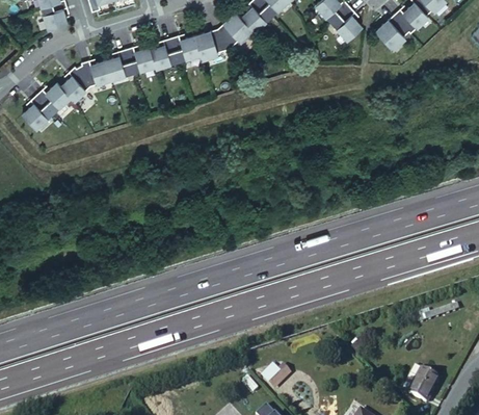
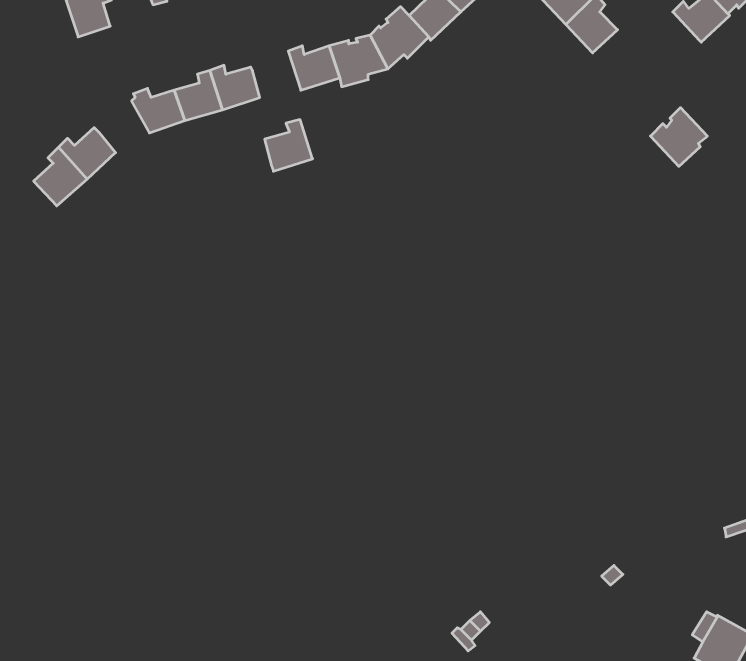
building: [377,15,410,49] -> [650,108,707,166]
building: [150,37,178,68] -> [265,120,313,171]
building: [60,66,89,100] -> none

